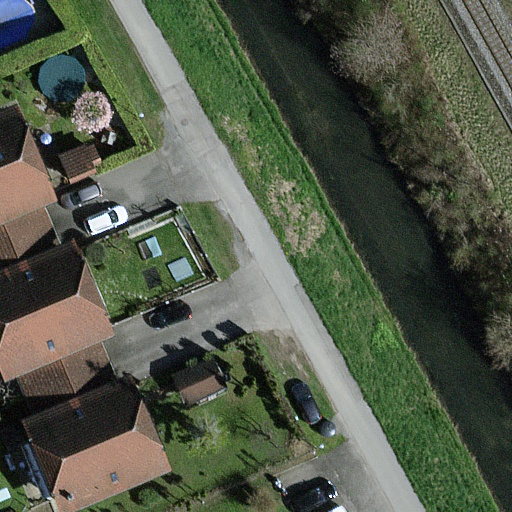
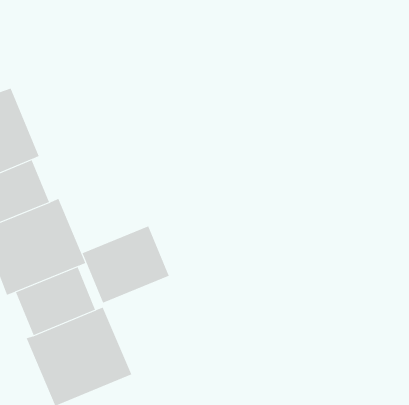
building: none -> [82,225,170,303]

